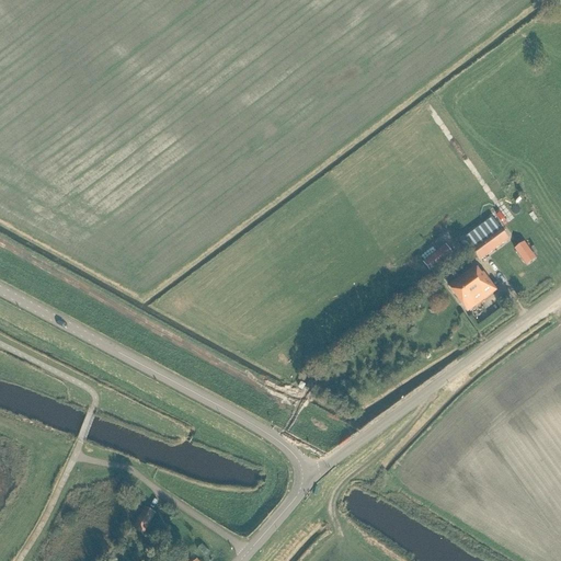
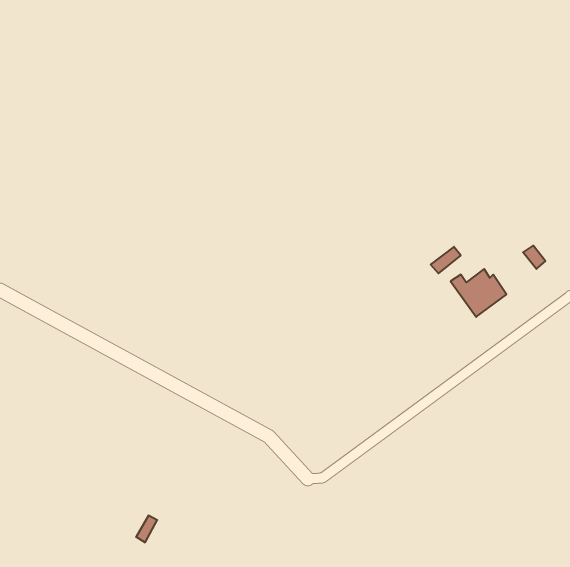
building: [465,216,507,259] -> none

